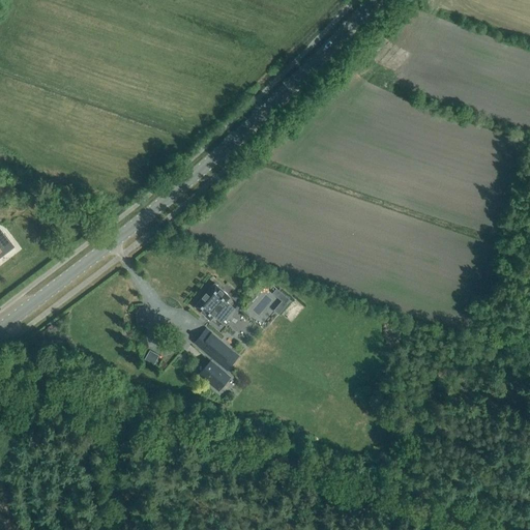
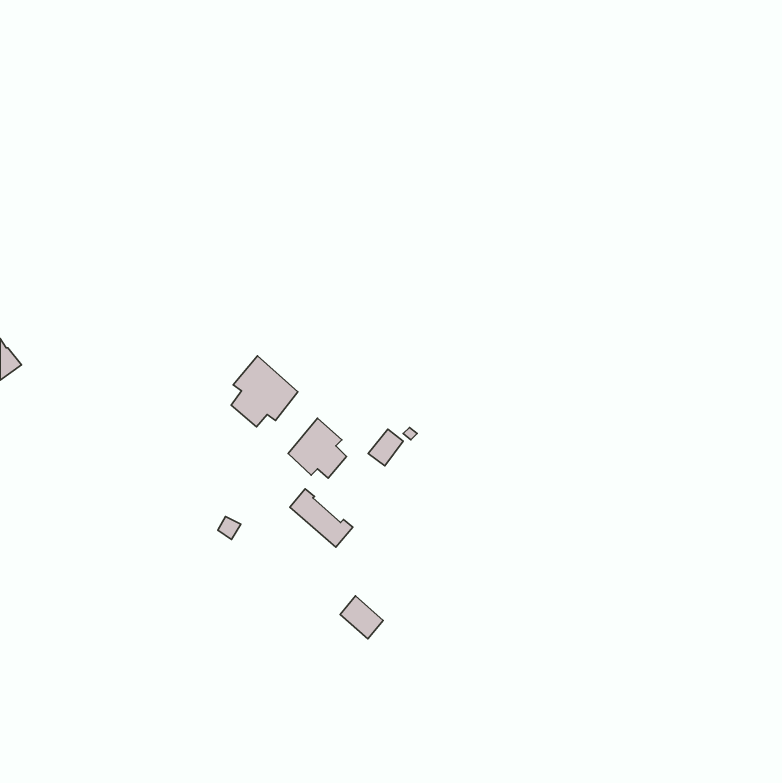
building: none -> [231,356,298,427]
building: [201,361,230,390] -> [340,596,383,639]

